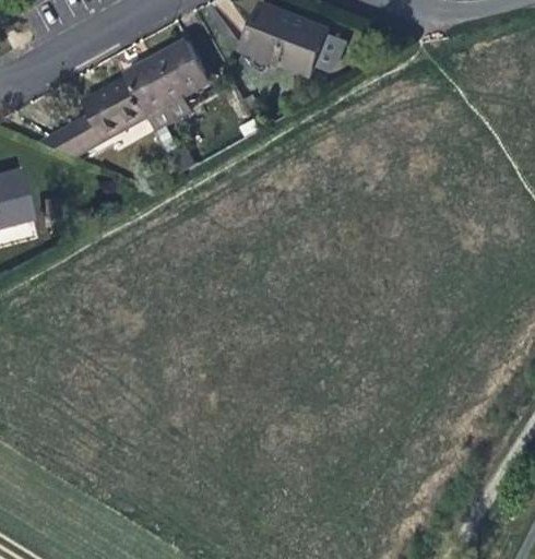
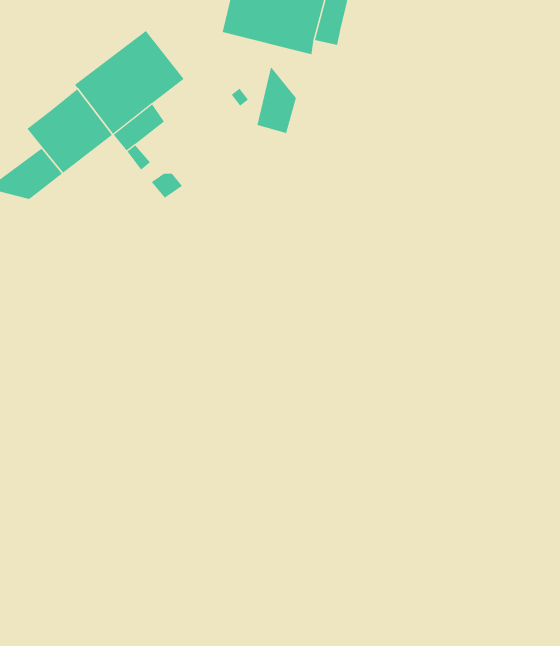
building: none -> [257,66,297,134]

